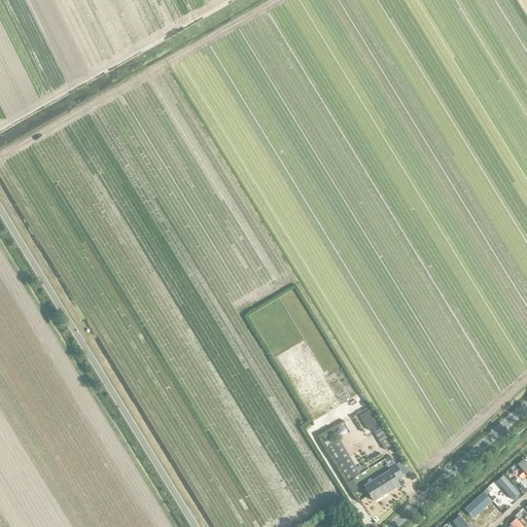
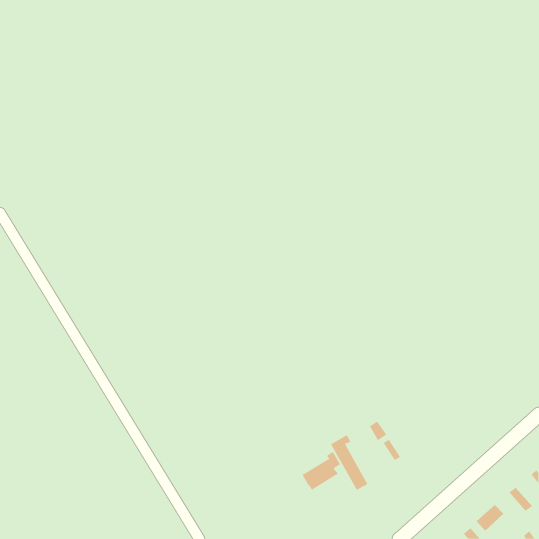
building: [364,463,402,501] -> [302,452,341,491]

